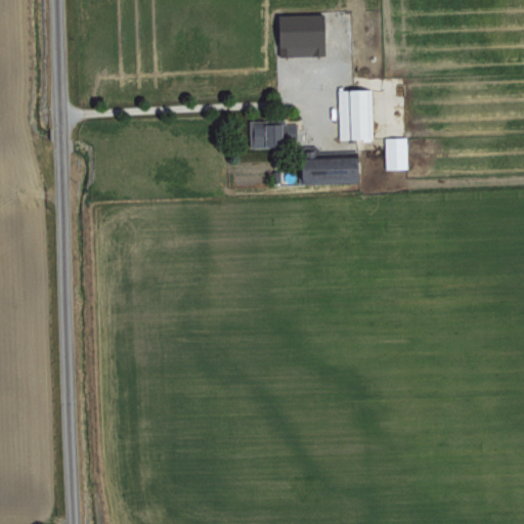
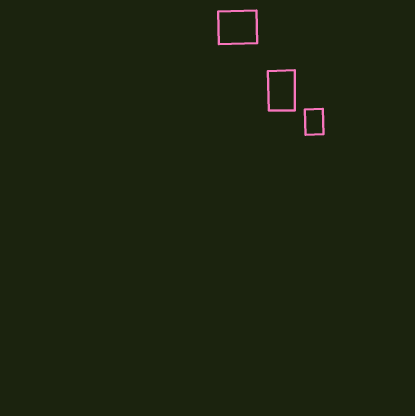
building: [250,122,299,148] -> none
building: [298,157,360,185] -> none

